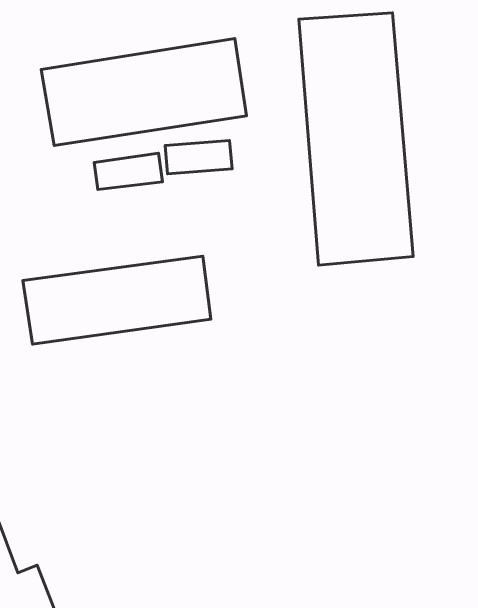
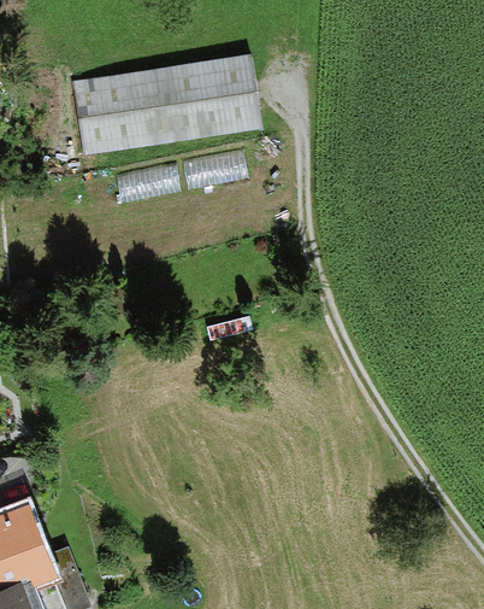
building: [299,13,413,265] -> none
building: [23,256,211,344] -> none

